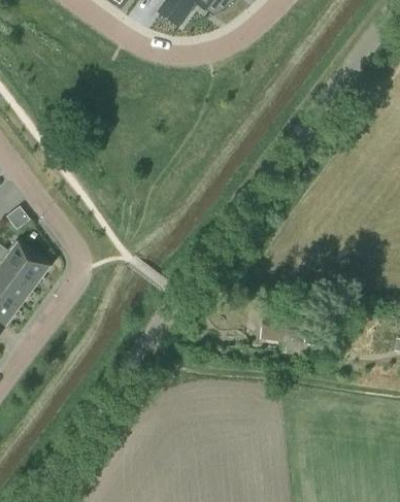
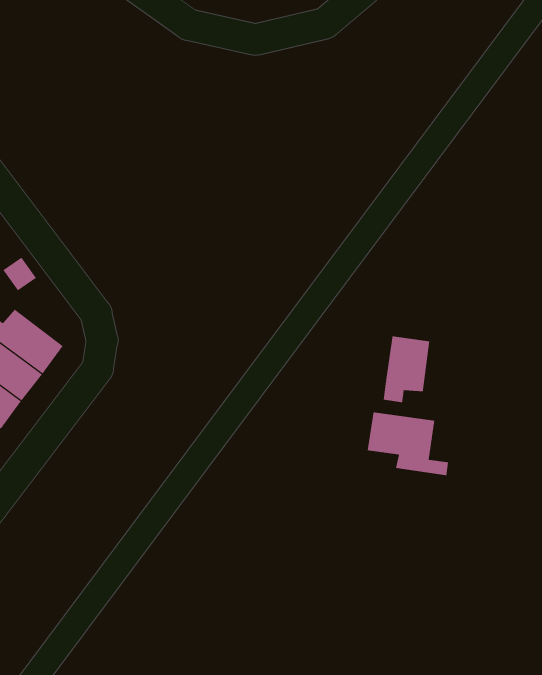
building: none -> [383,336,430,403]

